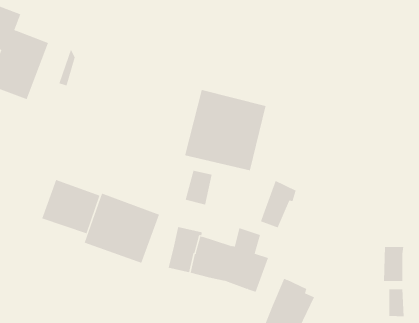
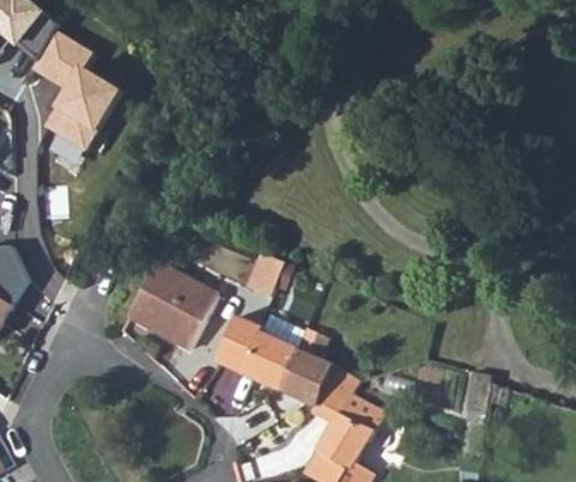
building: [185,89,266,171] -> none
building: [41,179,100,234] -> none
building: [260,180,297,228] -> [309,367,356,422]

